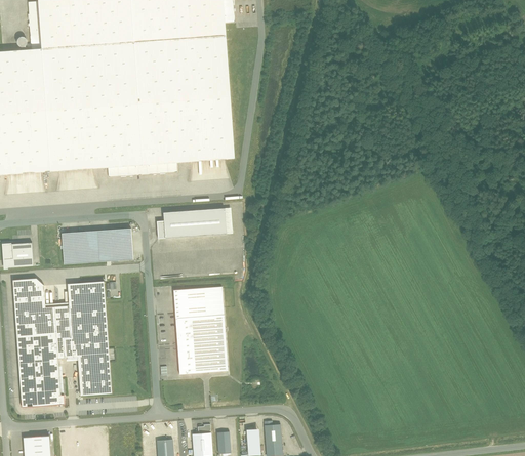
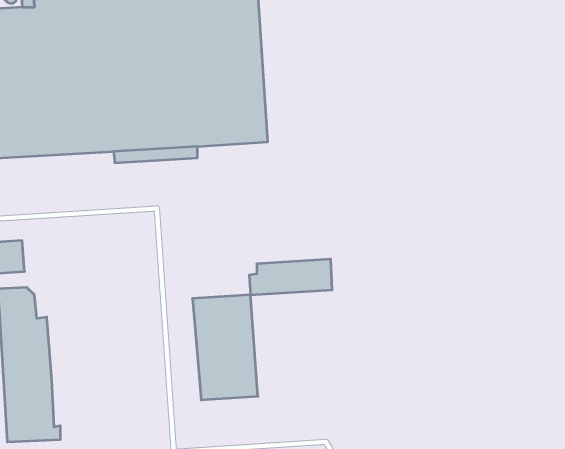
building: [157,207,226,237] -> [249,259,332,295]
building: [60,226,133,263] -> none
building: [51,280,110,392] -> none

